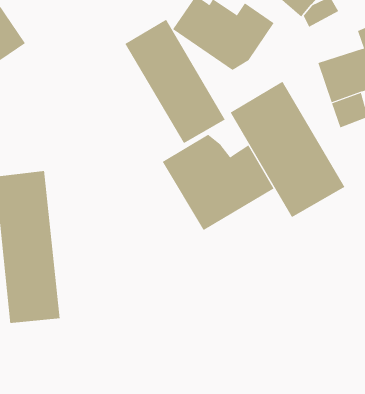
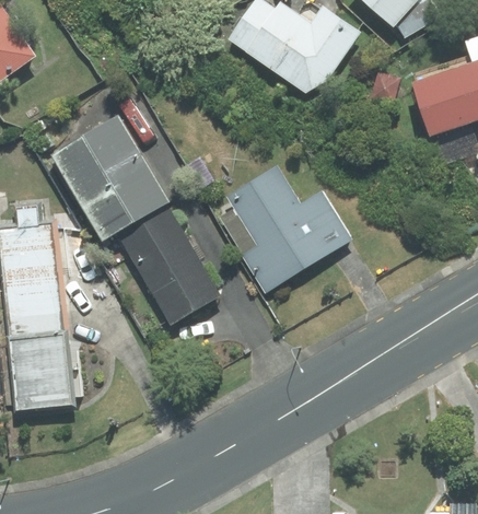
building: [125,19,226,144] -> none
building: [230,81,345,218] -> none
building: none -> [49,116,219,325]

